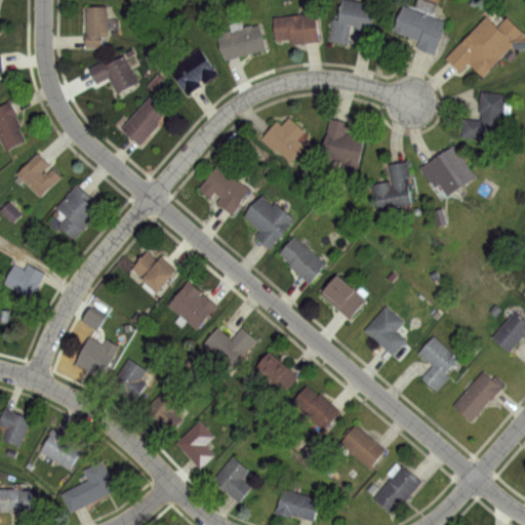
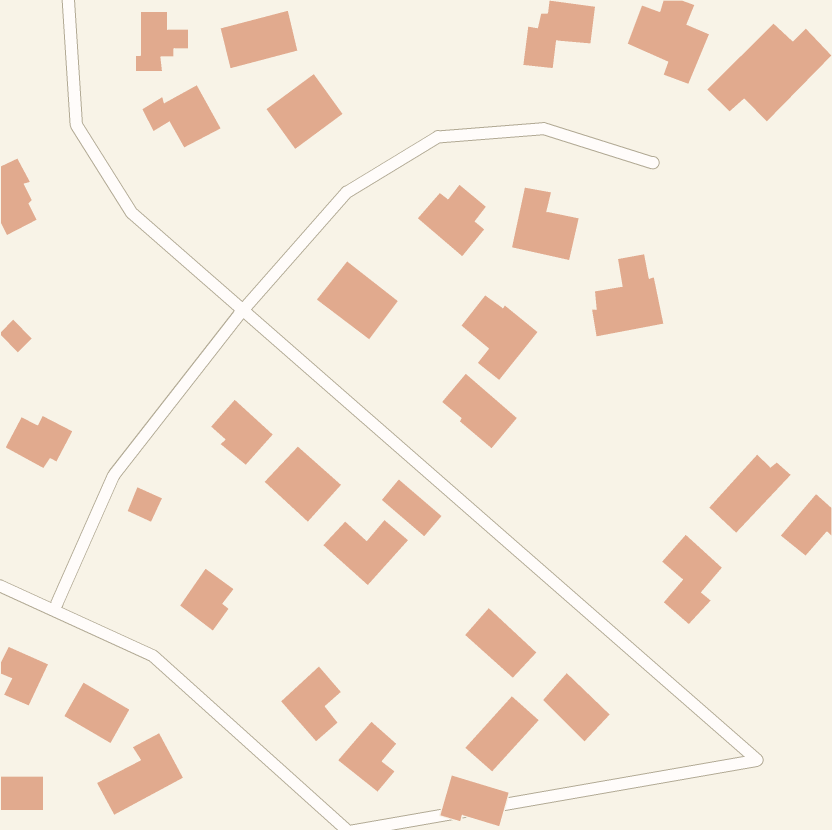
building: [274,13,319,45] -> none
building: [216,24,266,60] -> [220,10,298,69]
building: [460,90,508,140] -> none
building: [122,96,165,143] -> none
building: [417,143,477,198] -> none
building: [14,151,60,199] -> none
building: [54,185,97,238] -> none
building: [246,196,295,250] -> [460,295,539,381]
building: [320,277,365,320] -> none
building: [365,306,405,354] -> none
building: [74,337,118,379] -> none
building: [257,355,296,392] -> [381,479,443,537]
building: [452,372,504,422] -> [708,454,792,534]
building: [145,388,181,434] -> none
building: [372,466,419,514] -> [465,696,539,772]

